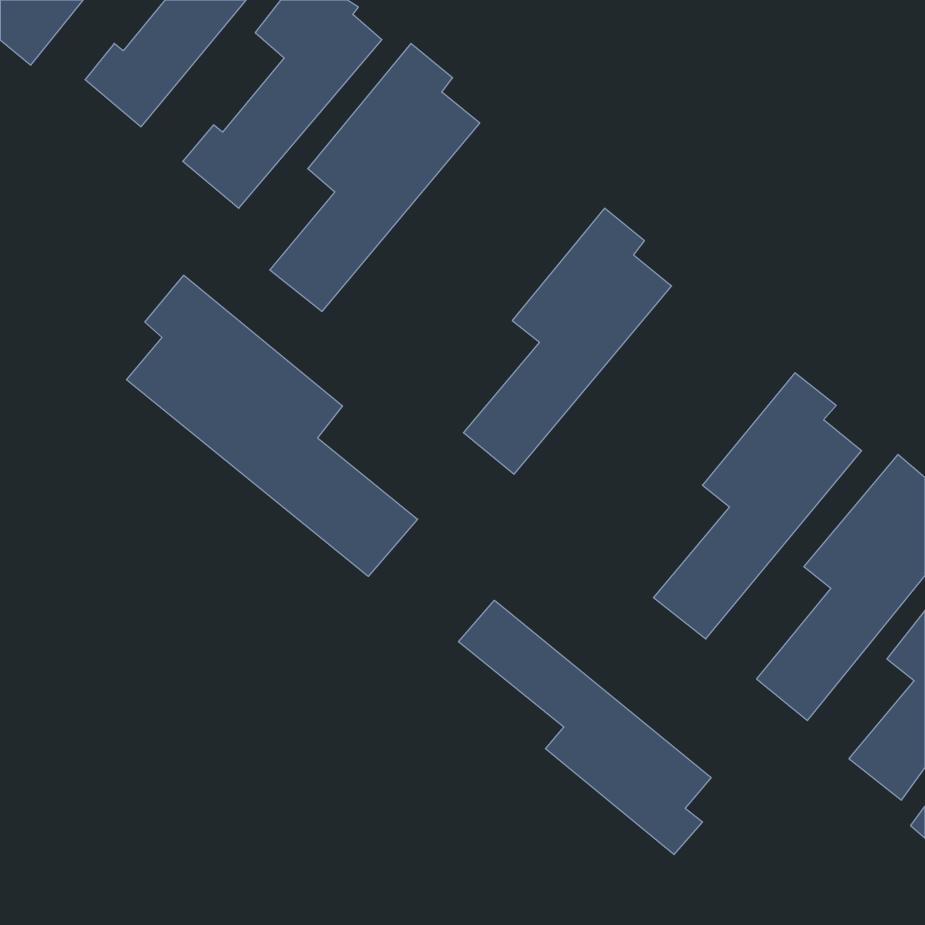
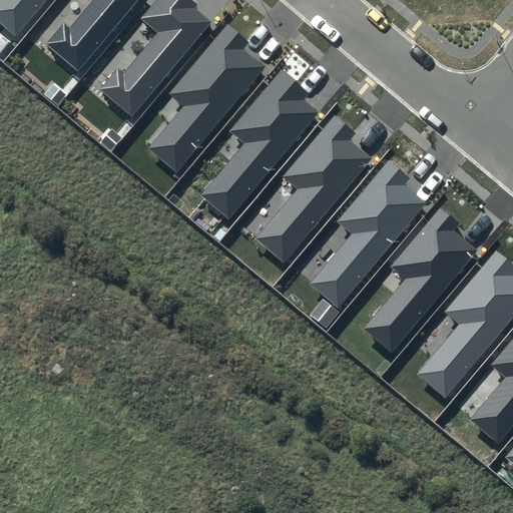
building: none -> [202,70,317,217]
building: [127,275,418,576] -> none
building: none -> [311,161,426,310]
building: [459,600,711,855] -> none

